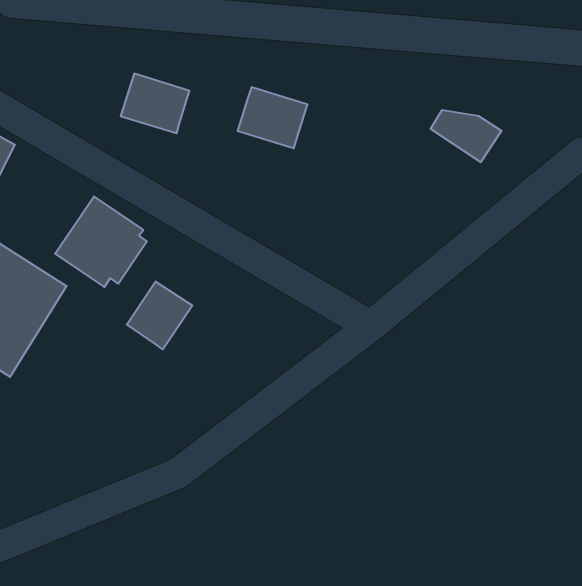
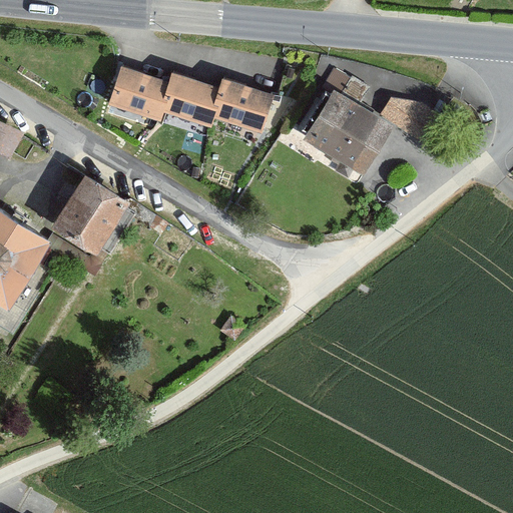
building: none -> [300,69,388,172]
building: none -> [156,71,216,124]
building: [127,281,192,349] -> none

